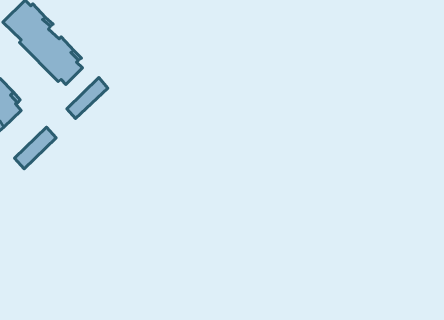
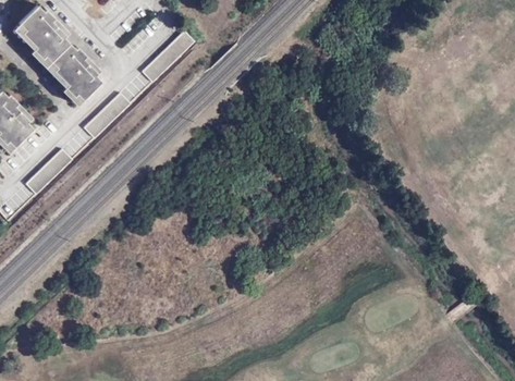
building: none -> [142,30,193,83]

